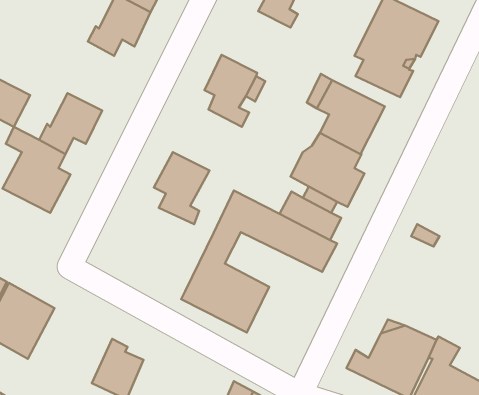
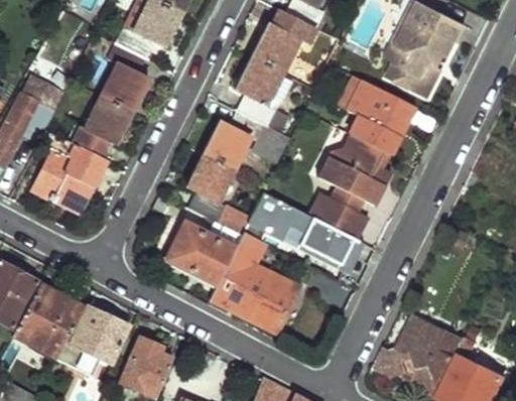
building: none -> [251,12,319,74]
building: none -> [98,42,148,111]
building: none -> [203,110,290,170]
building: none -> [164,223,243,290]
building: none -> [64,307,128,372]

